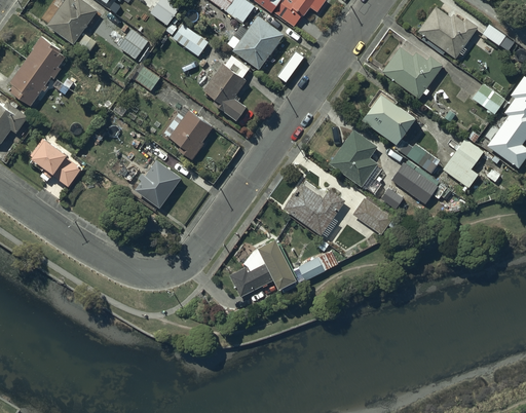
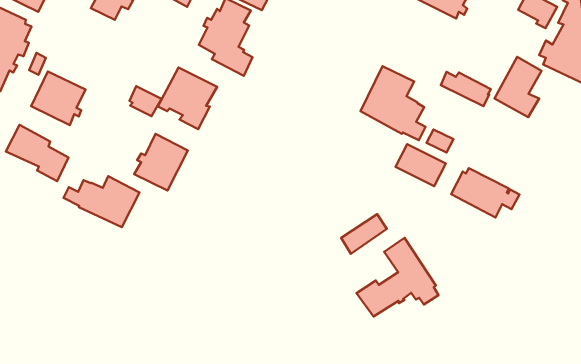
building: [134,65,160,91] -> [130,86,162,116]
building: [360,88,415,144] -> none
building: none -> [31,72,86,125]
building: [390,161,447,205] -> [451,168,519,218]
building: [283,182,344,235] -> none
building: none -> [64,176,139,227]
building: [228,235,296,297] -> [357,238,439,317]

